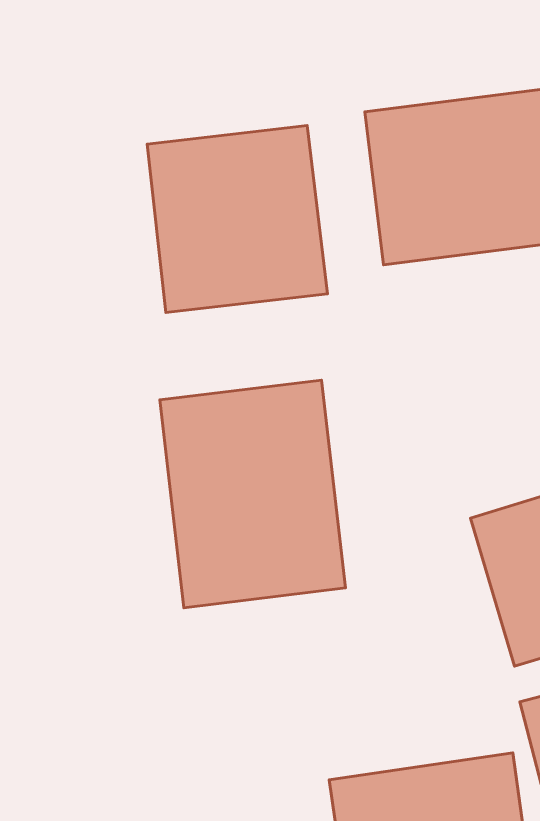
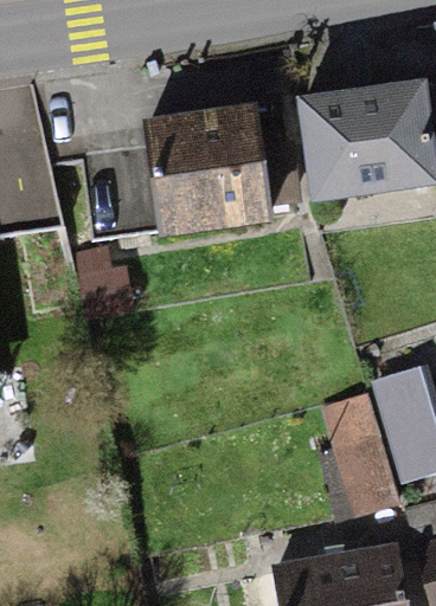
building: [160,380,345,608] -> none
building: none -> [320,389,399,516]

